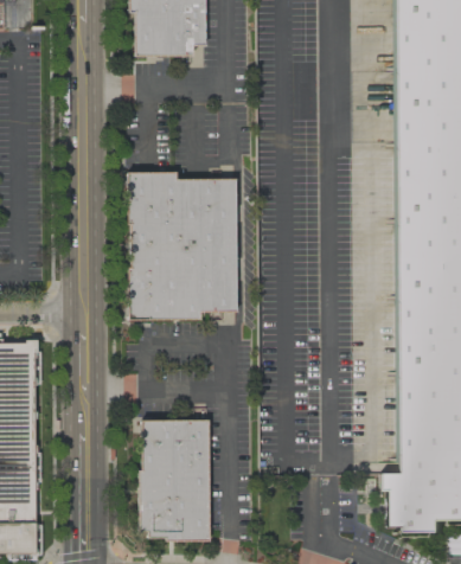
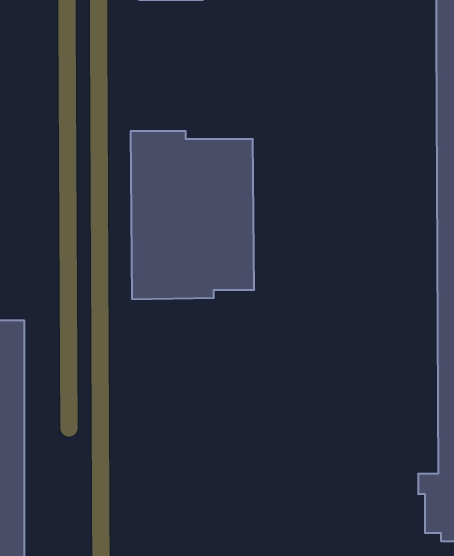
building: [141,418,209,538] -> none

